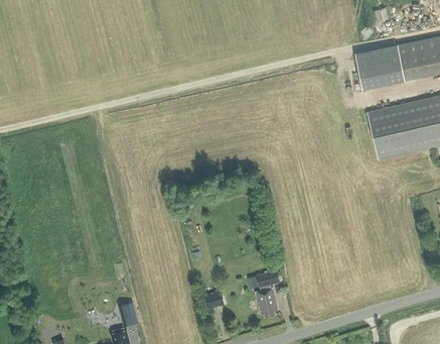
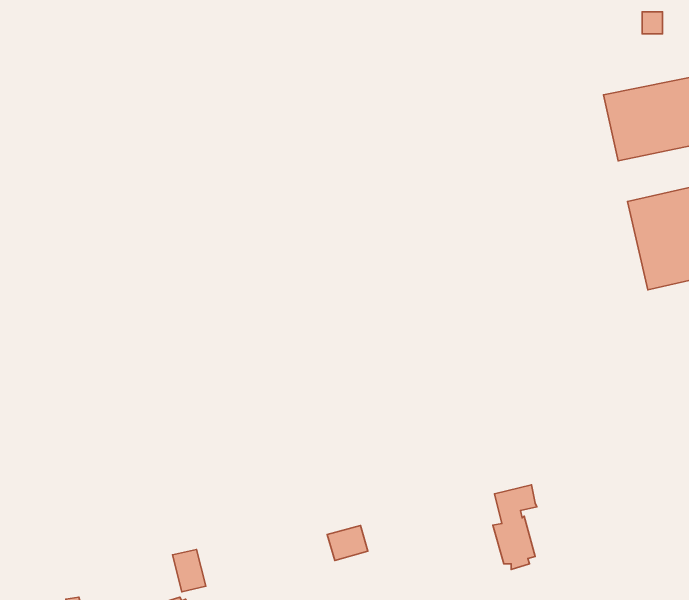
building: [255,270,279,317] -> [493,485,537,569]

